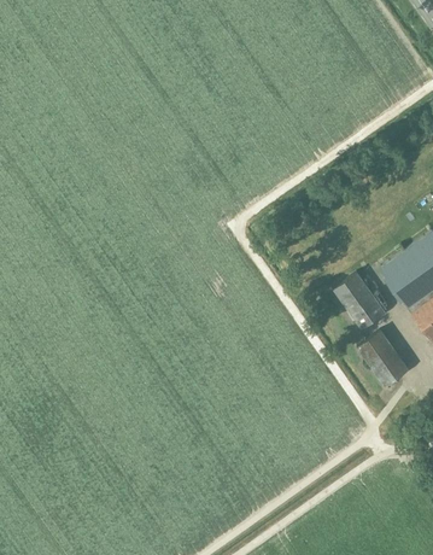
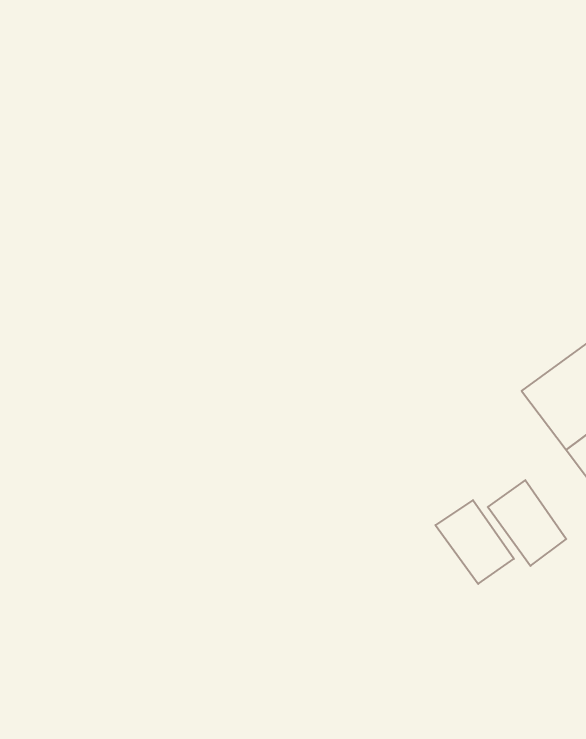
building: [332,273,385,329] -> [435,500,514,584]

